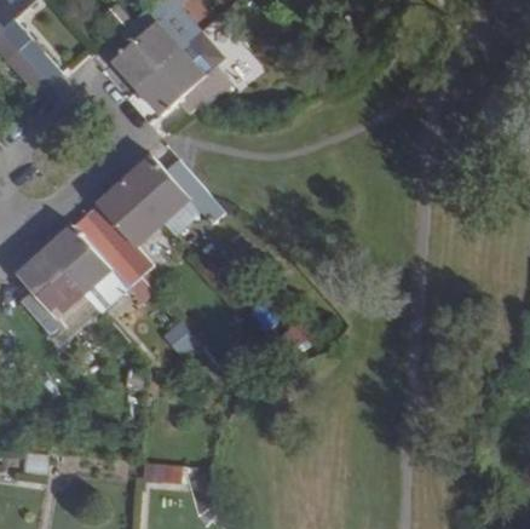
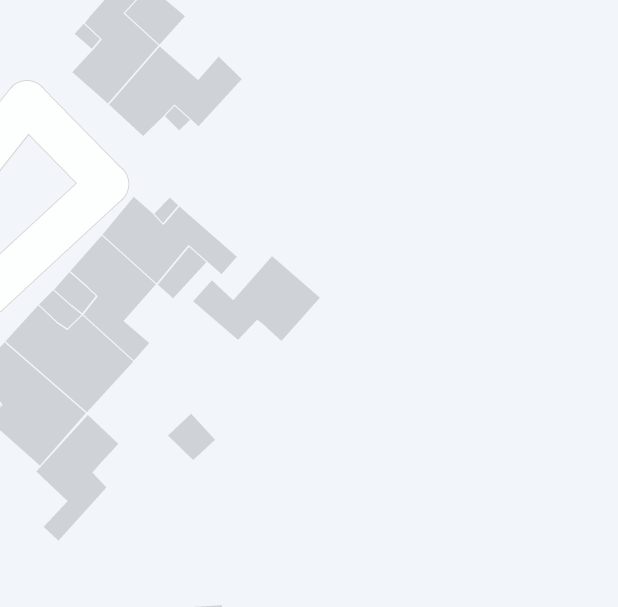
building: [179,28,226,75] -> none
building: none -> [192,255,321,342]
building: none -> [36,414,119,542]

